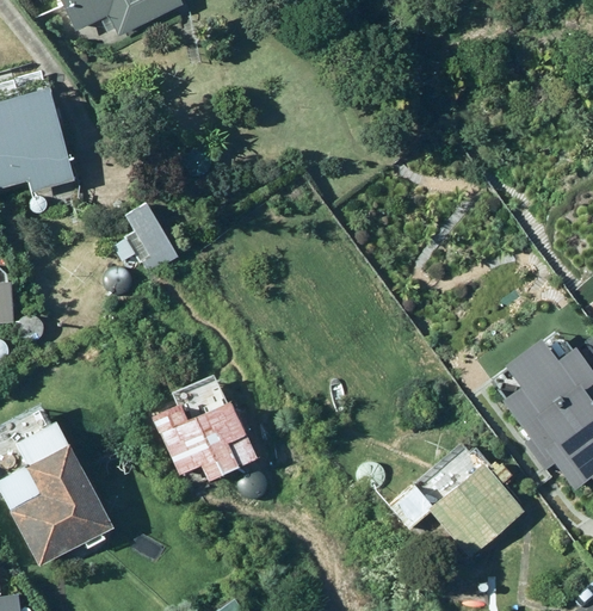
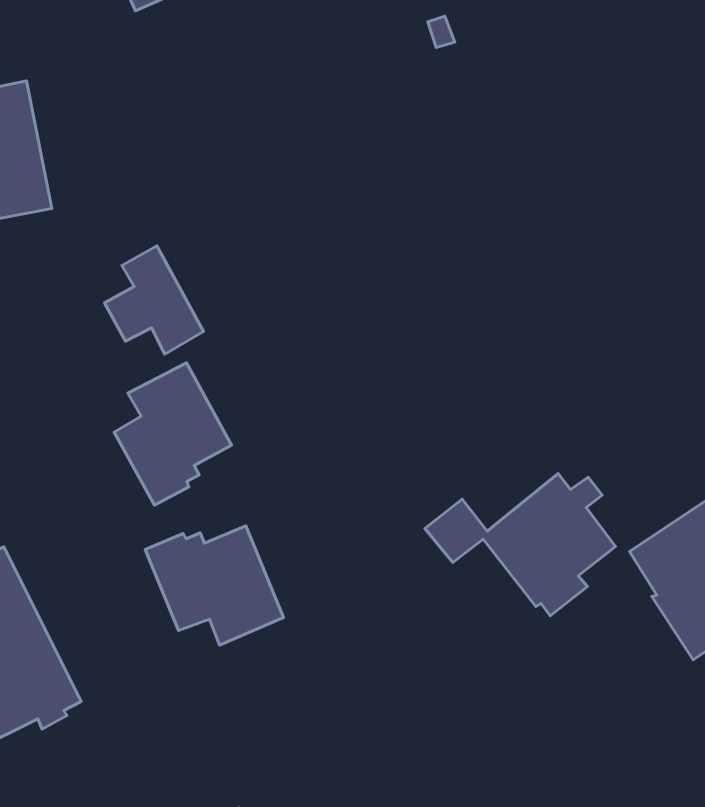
building: none -> [114,363,232,505]
building: [389,461,525,562] -> [425,474,616,616]

